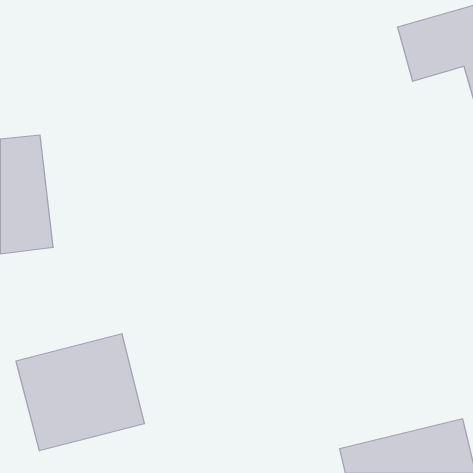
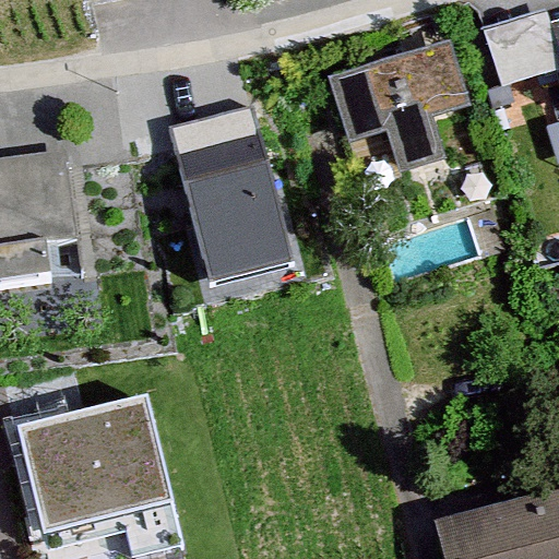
building: none -> [320,53,462,159]
building: none -> [183,133,284,264]

